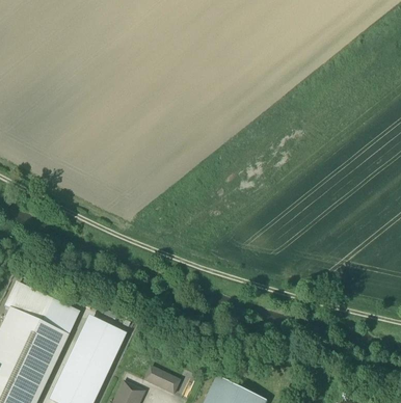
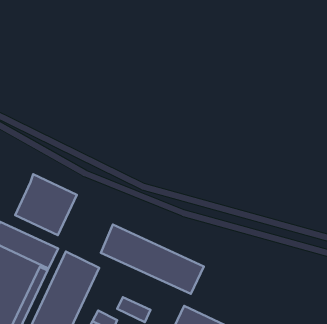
building: none -> [15,174,77,235]
building: none -> [101,225,204,294]

